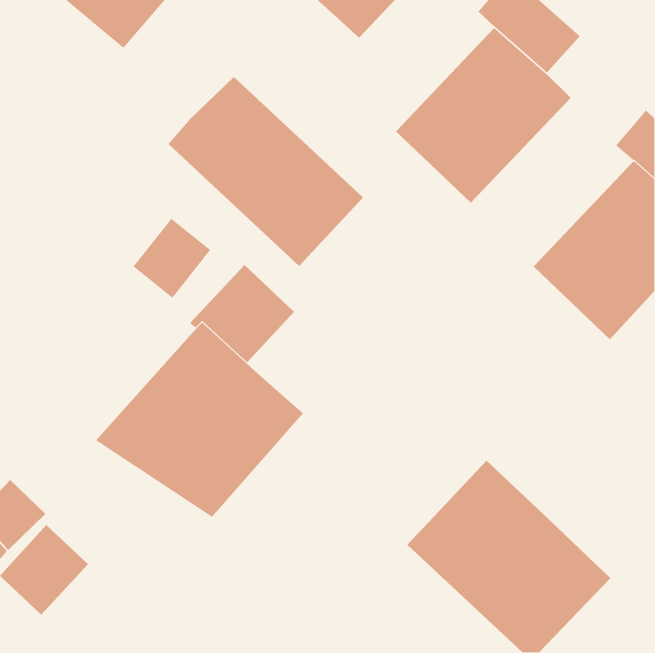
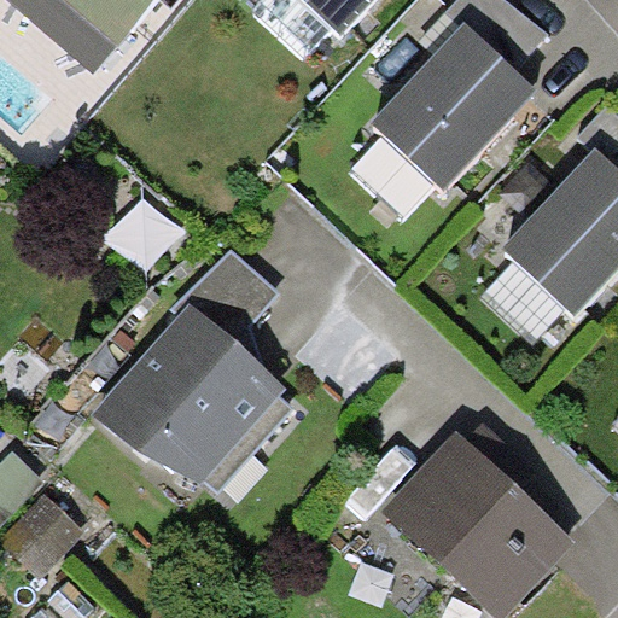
building: [168,76,364,267] -> none

